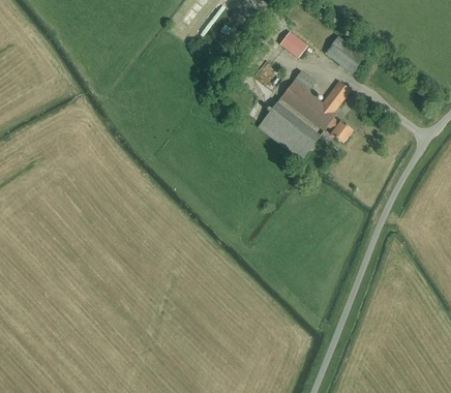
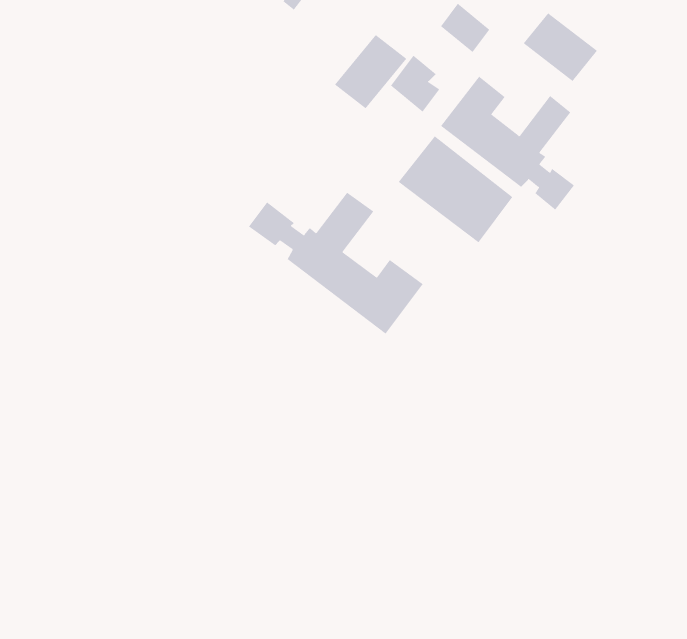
building: none -> [334,34,407,109]
building: none -> [248,192,424,335]

